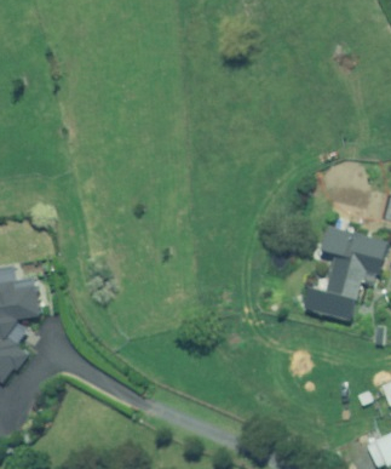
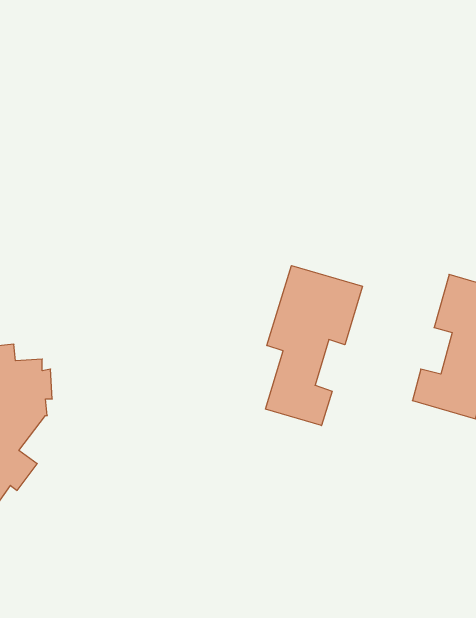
building: none -> [265,266,362,426]

